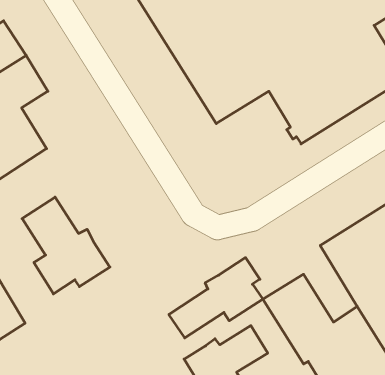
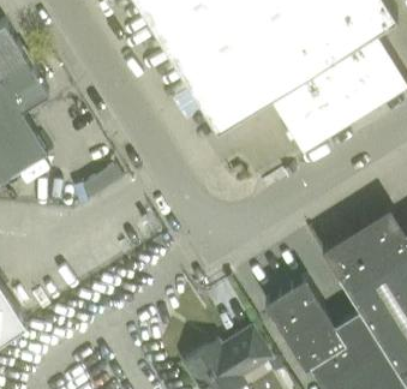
building: [22,197,110,294] -> none
building: [169,258,263,338] -> none

